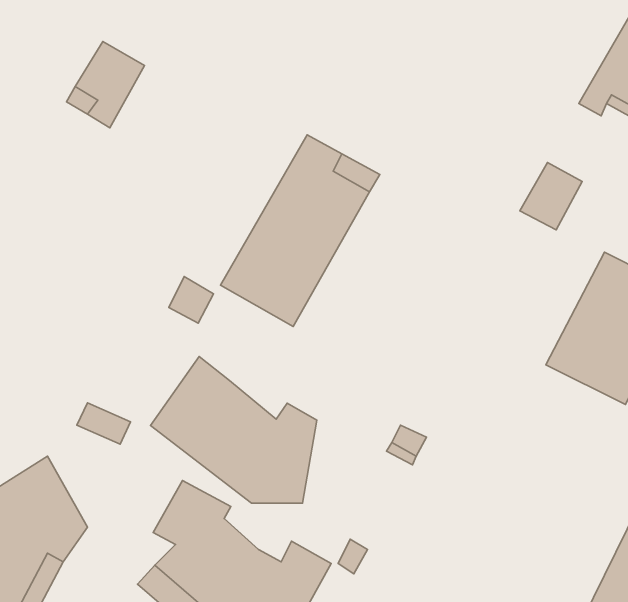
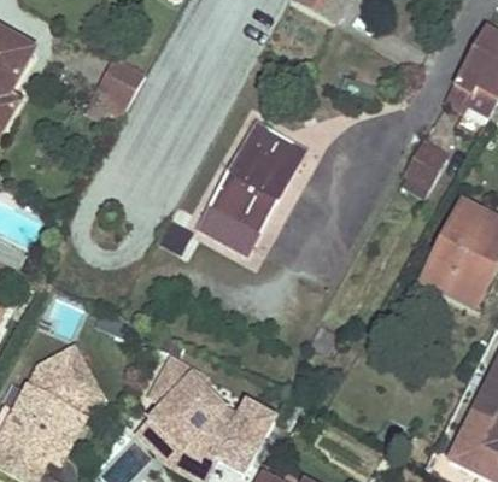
building: [151,357,317,503] -> none

